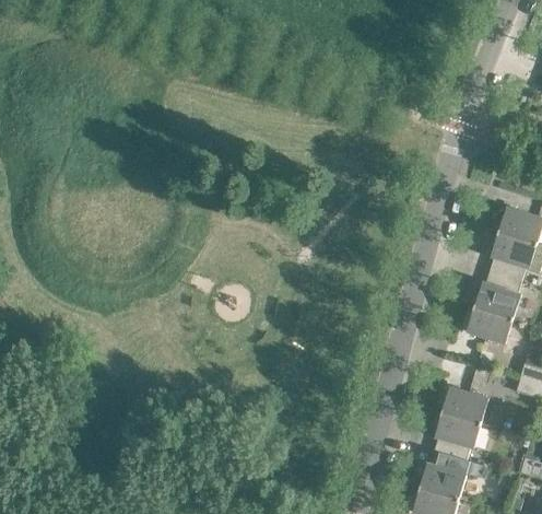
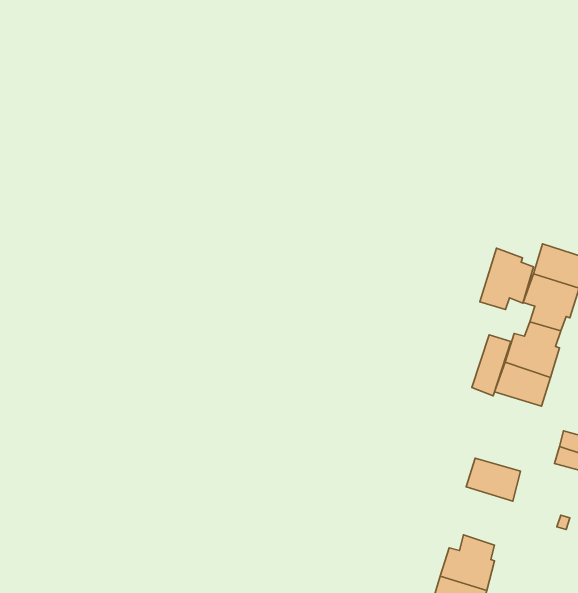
building: none -> [480,248,534,309]
building: none -> [472,335,511,396]
building: [434,410,481,459] -> none

